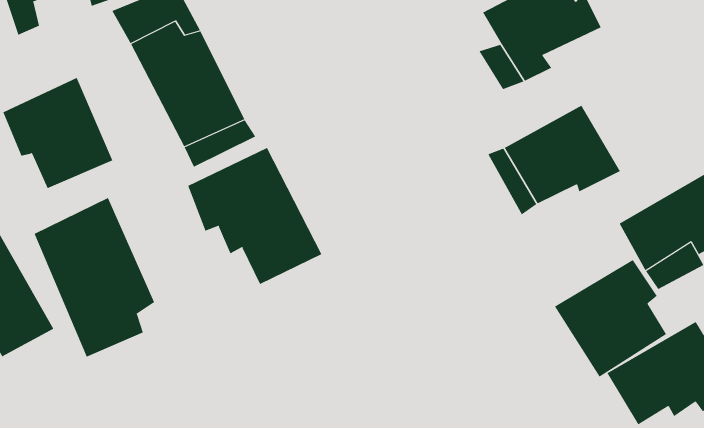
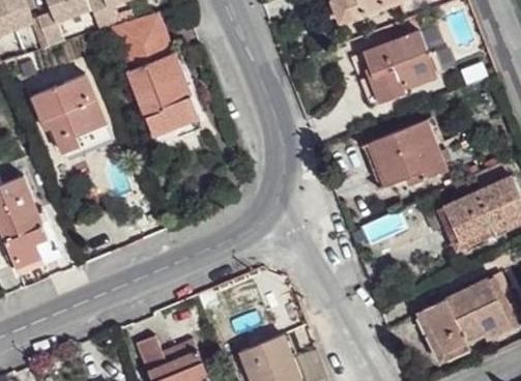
building: [187,147,322,285] -> none
building: [34,197,155,358] -> none
building: [554,259,667,378] -> none

